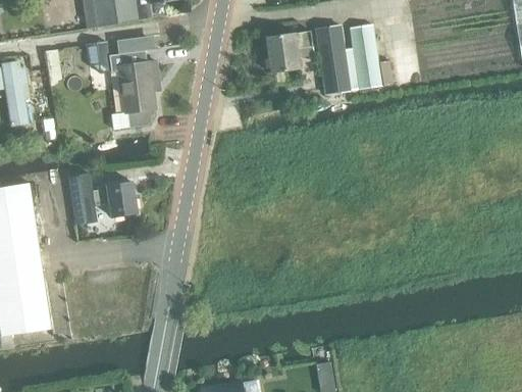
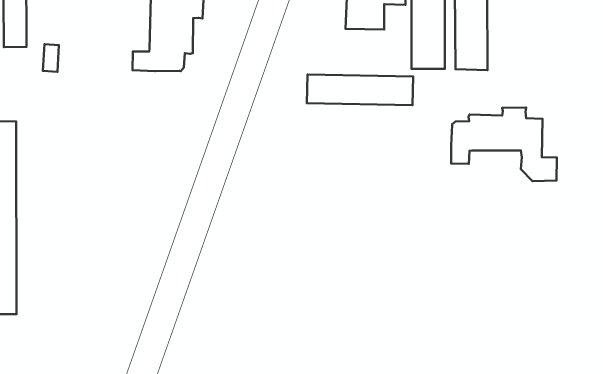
building: none -> [307,74,413,105]
building: none -> [451,107,557,181]
building: [69,174,138,227] -> none

